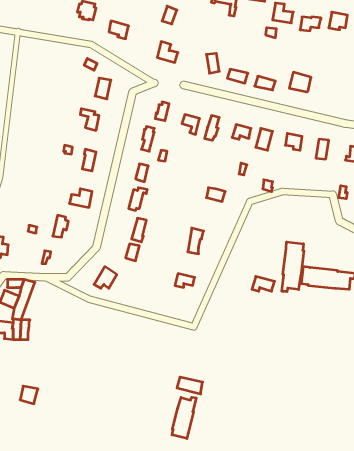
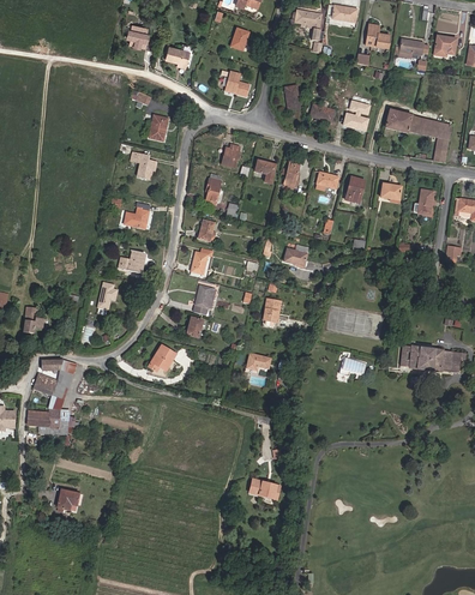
building: none -> [408,115,451,162]
building: [282,242,304,292] -> none
building: [172,397,196,439] -> none

